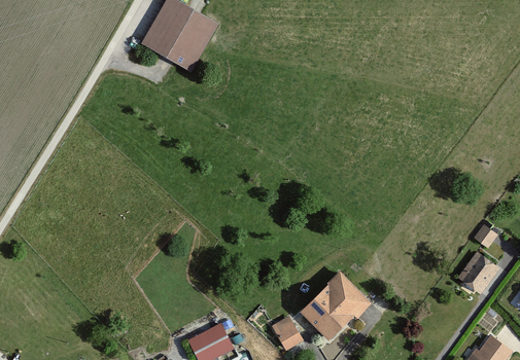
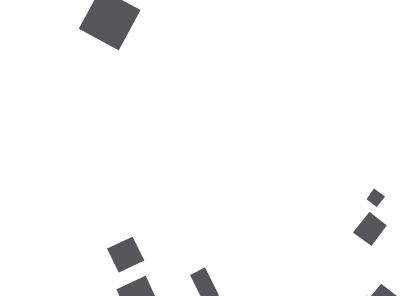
building: [301,273,370,341] -> none
building: none -> [106,236,145,274]

